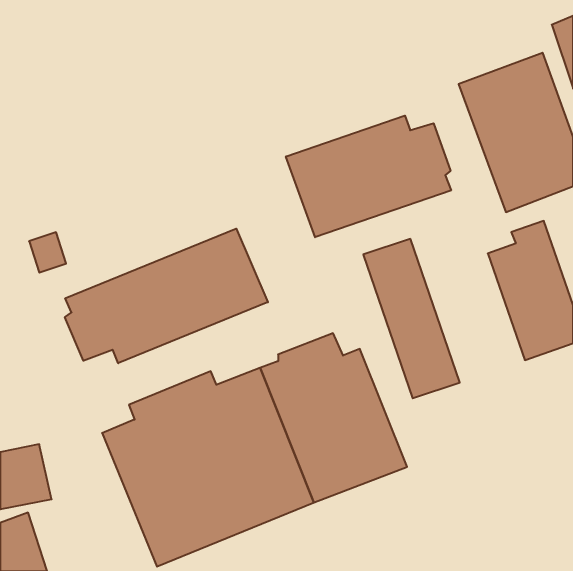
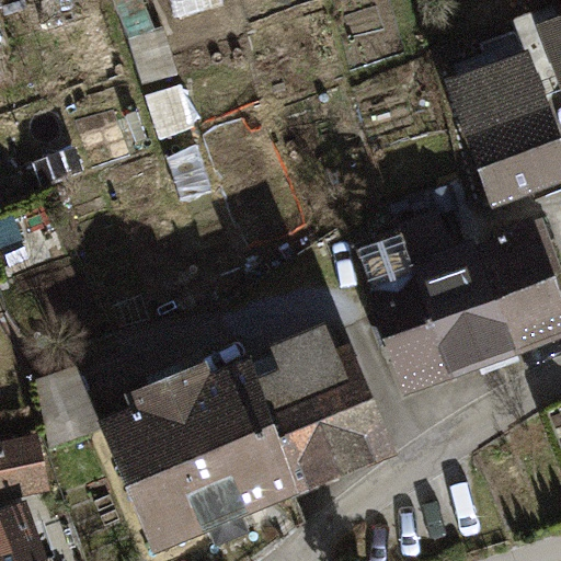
building: [286,116,451,237] -> none
building: none -> [398,207,513,374]
building: [65,229,268,363] -> none

